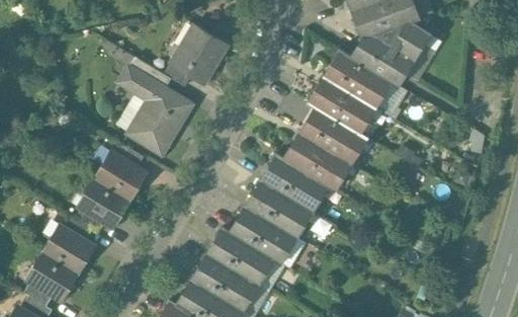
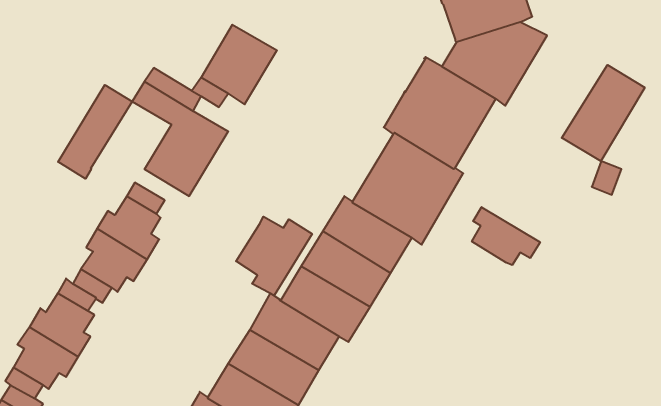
building: none -> [562,65,645,161]
building: none -> [58,85,132,179]
building: none -> [472,207,540,265]
building: none -> [236,217,312,296]

